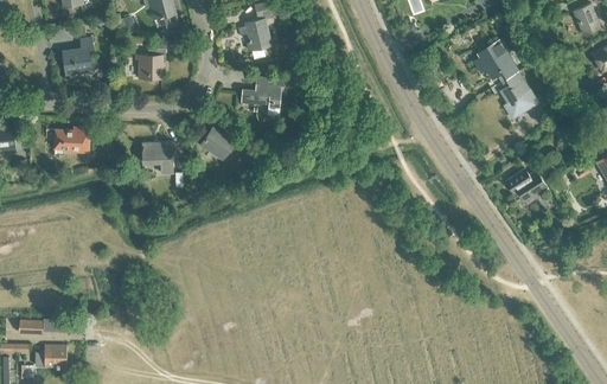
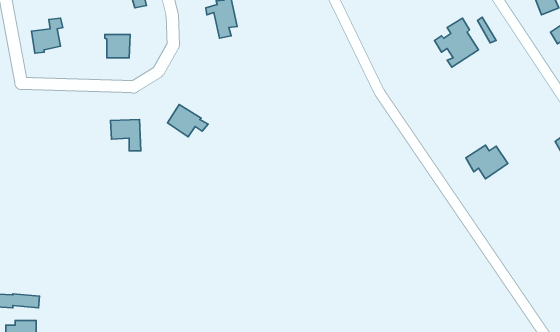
building: [491,70,537,116] -> none
building: [242,75,286,109] -> none
building: [55,129,89,152] -> none

